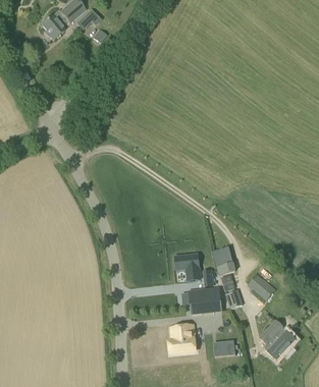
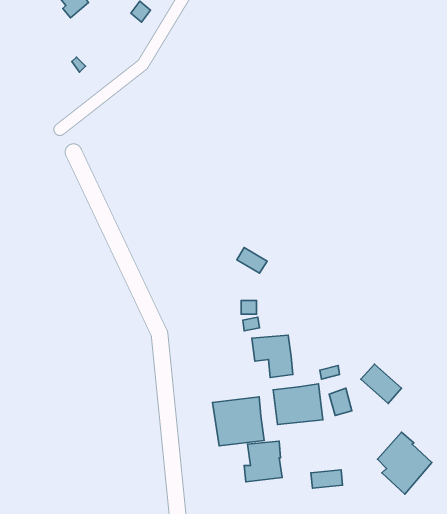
building: [214,246,236,274] -> none
building: none -> [212,397,264,446]

